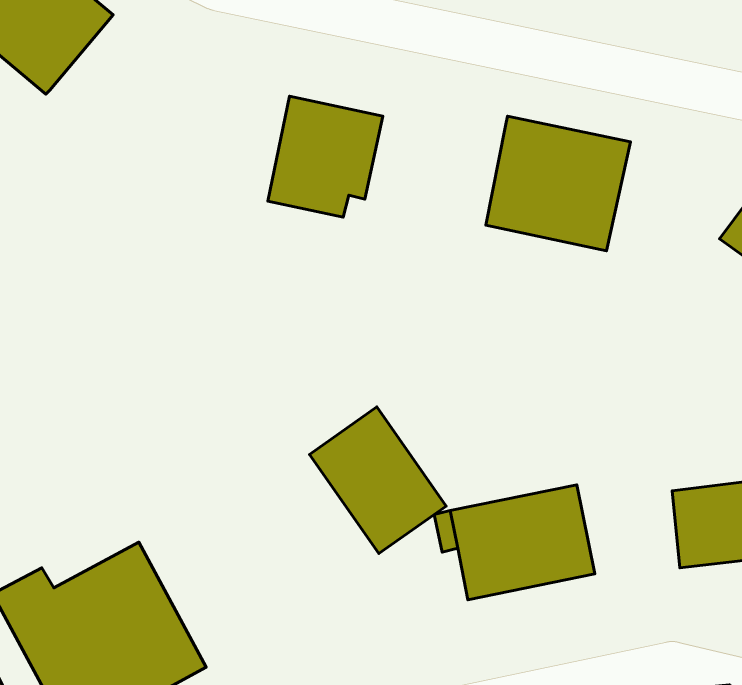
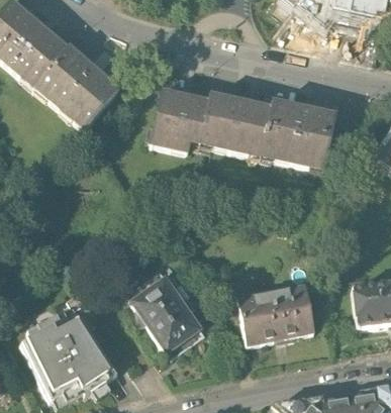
building: none -> [37,44,121,126]
building: none -> [198,90,270,152]
building: [309,407,446,554] -> [130,275,200,349]

